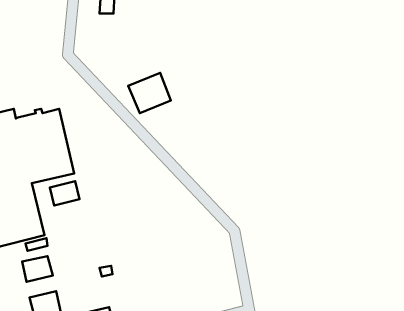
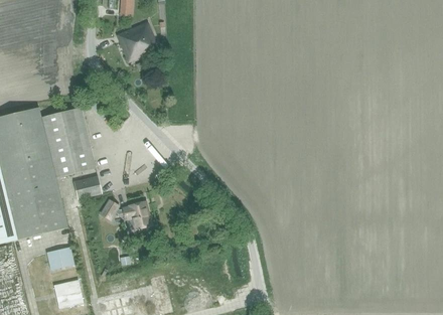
building: [128,73,171,113] -> [117,23,157,61]
building: none -> [99,198,148,228]

